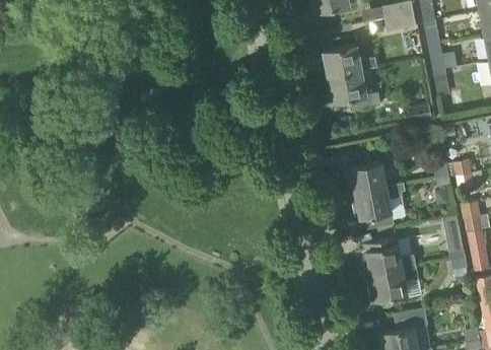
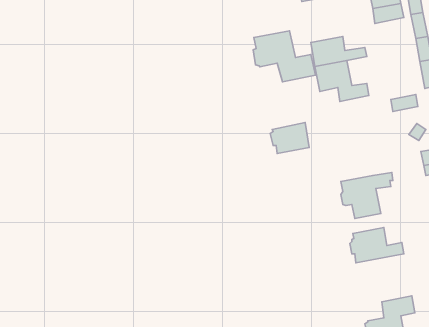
building: none -> [253,31,316,82]
building: [346,161,385,193] -> [270,123,309,154]
building: [368,266,422,299] -> none

